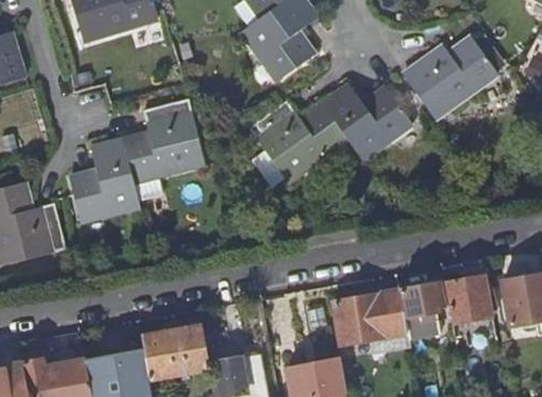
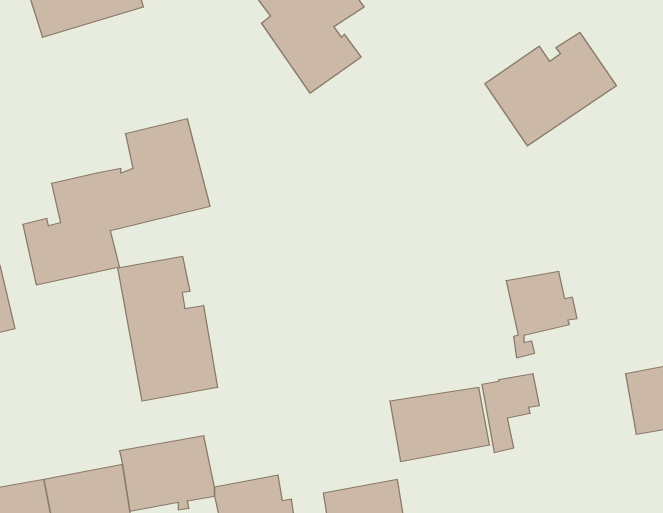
building: [249,86,412,182] -> none
building: none -> [118,256,217,401]
building: [444,276,495,337] -> [506,272,577,358]

